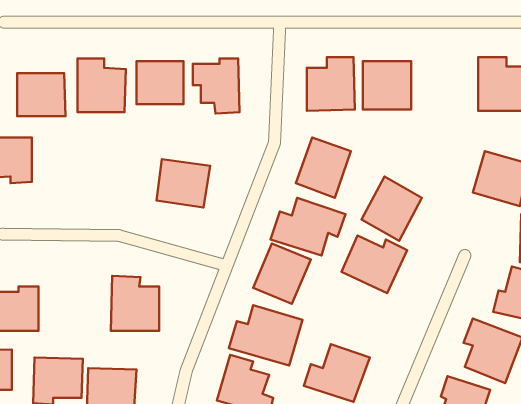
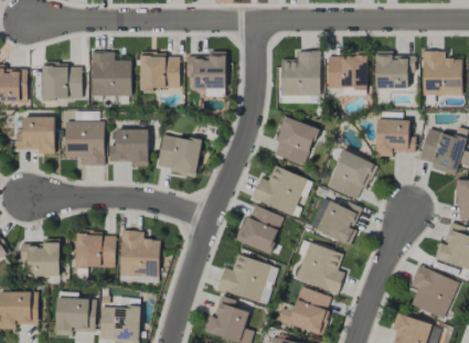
building: none -> [375,52,414,88]
building: none -> [375,118,415,157]
building: none -> [64,120,104,165]
building: none -> [109,129,148,167]
building: none -> [75,233,116,268]
building: none -> [295,242,344,293]

